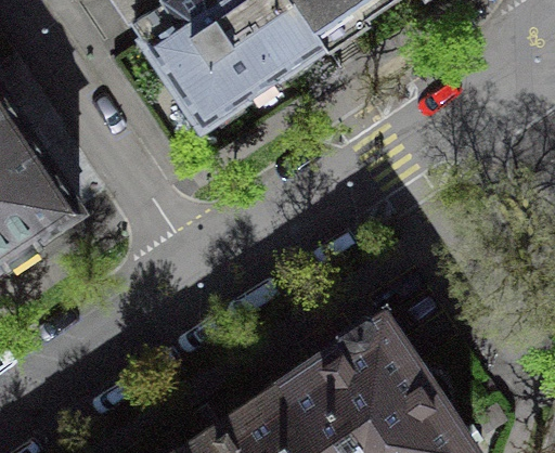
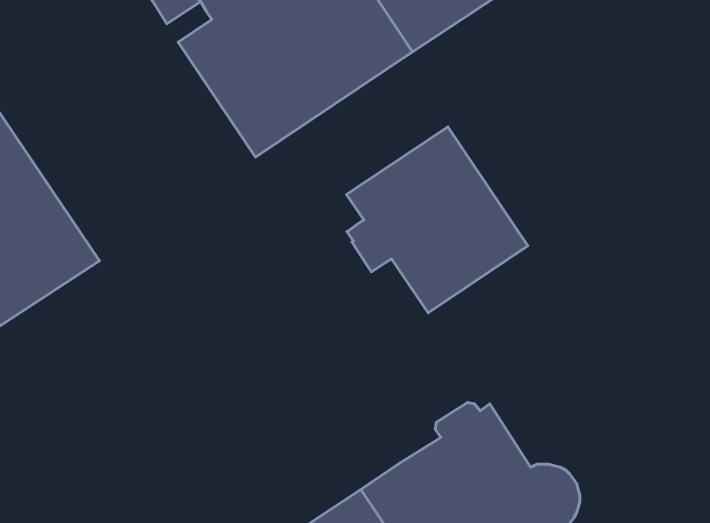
building: none -> [347,127,528,313]

